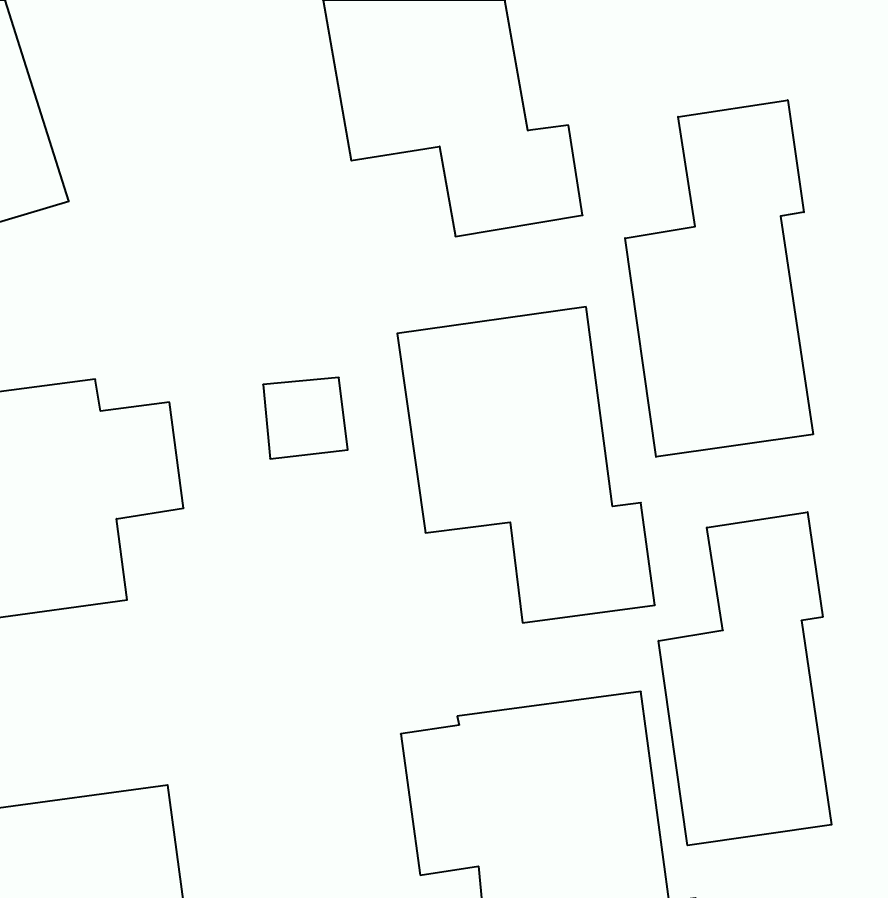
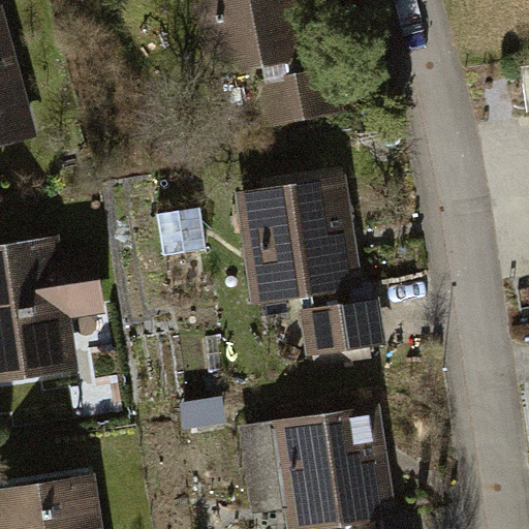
building: [625,100,813,457] -> none
building: [659,512,832,845] -> none

